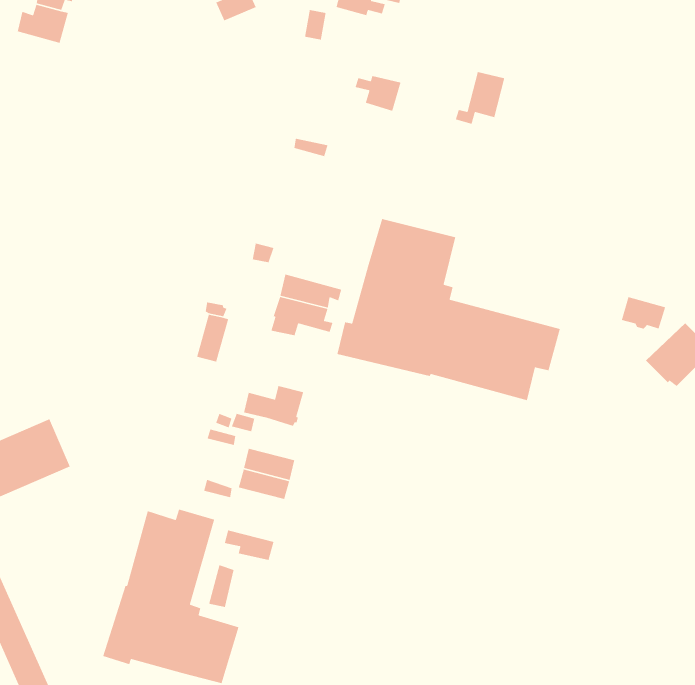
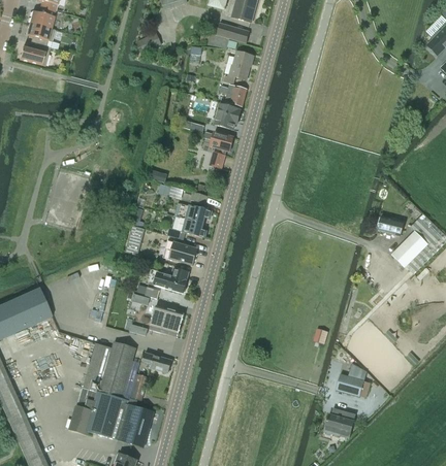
building: [455,71,505,125] -> [223,51,253,82]
building: none -> [215,103,241,128]
building: none -> [210,131,233,167]
building: [337,218,561,401] -> none
building: none -> [168,240,197,264]
building: none -> [336,363,367,395]
building: none -> [324,406,355,437]

